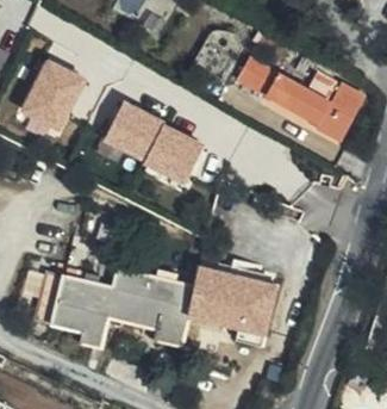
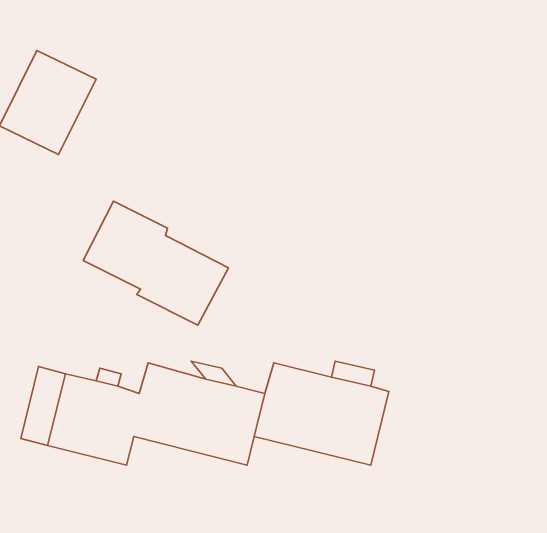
building: [233,58,363,142] -> none
building: [105,101,201,184] -> [83,201,229,325]

